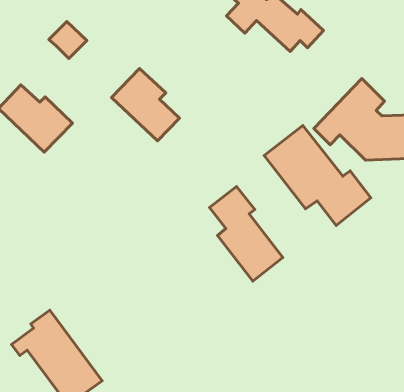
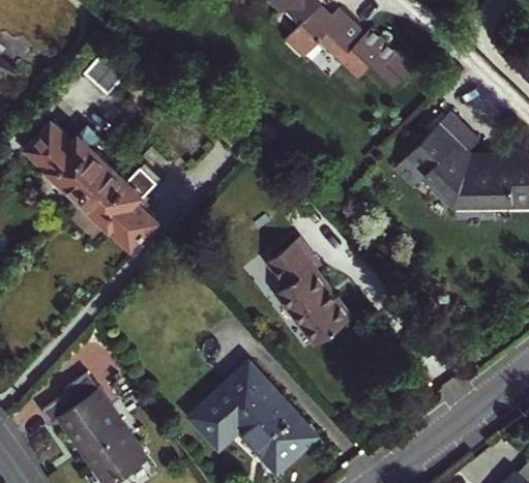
building: [111,68,179,141] -> [81,165,158,248]
building: [264,125,371,225] -> none
building: none -> [193,363,315,467]

